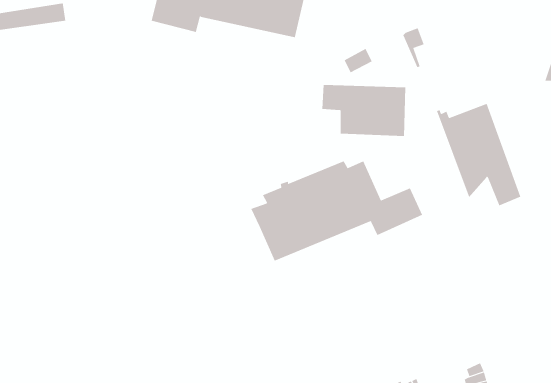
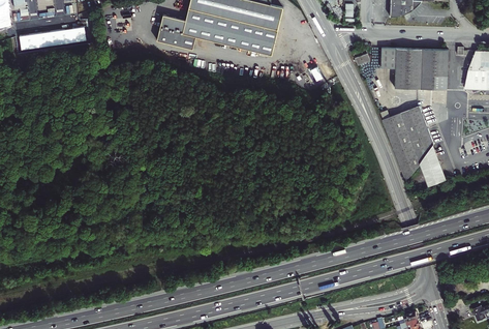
building: [321,84,406,137] -> [381,47,449,88]
building: [250,160,423,262] -> none

